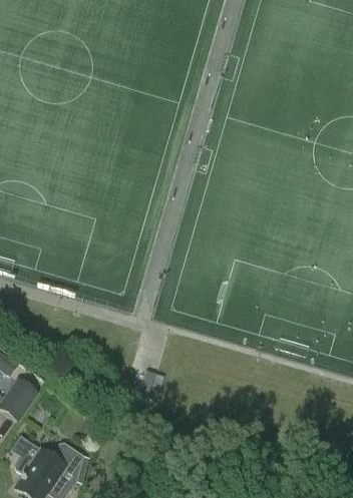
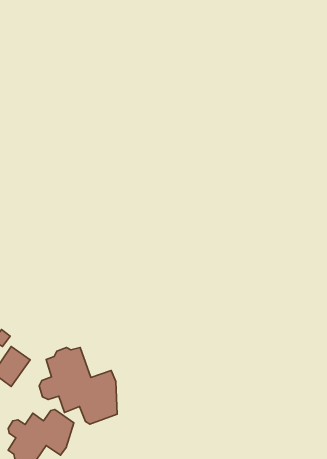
building: none -> [39,347,117,424]

